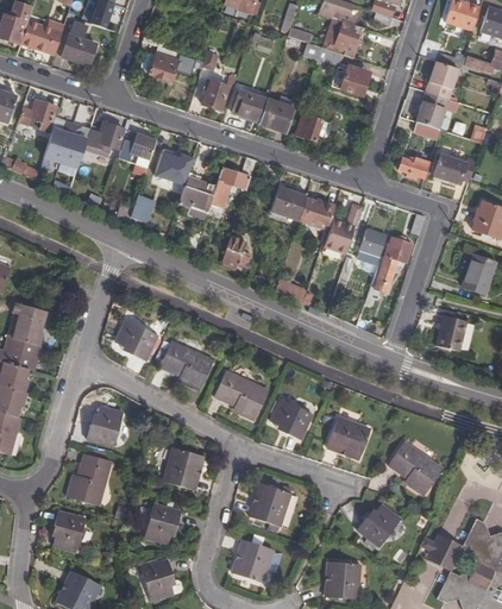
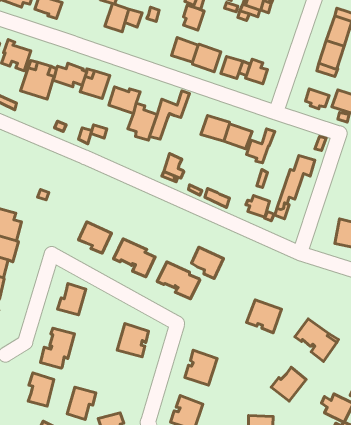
building: [339,65,366,96] -> [246,59,267,84]
building: [202,79,228,109] -> [183,5,204,30]
building: [357,227,387,255] -> [246,195,270,217]
building: [271,398,312,438] -> [191,247,224,279]
building: [145,503,181,544] -> [67,387,96,419]

